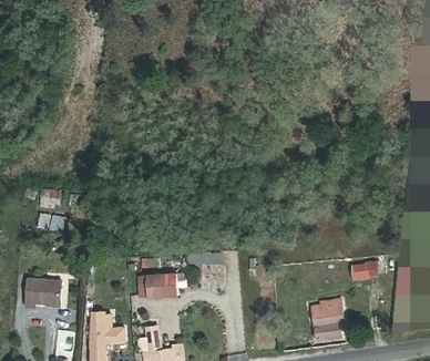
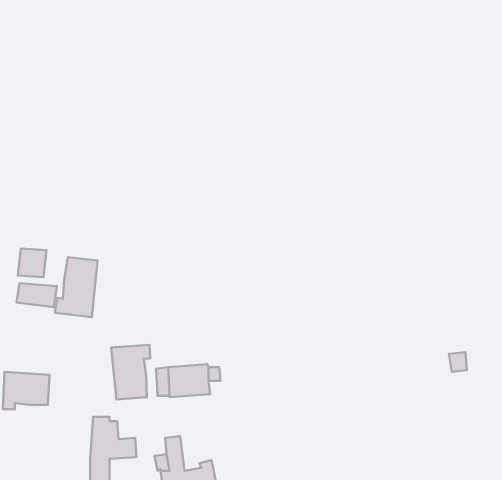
building: none -> [55,257,98,317]
building: none -> [111,345,150,400]
building: [314,299,347,340] -> none

